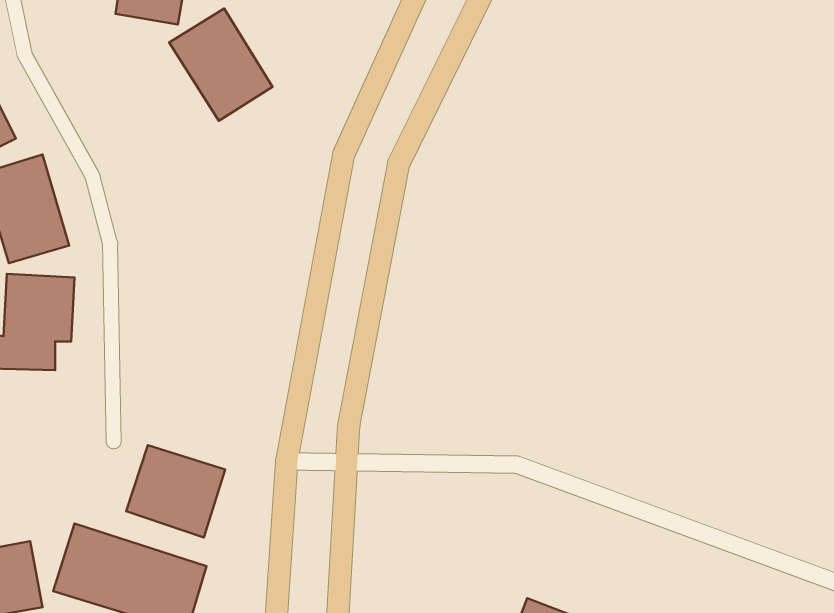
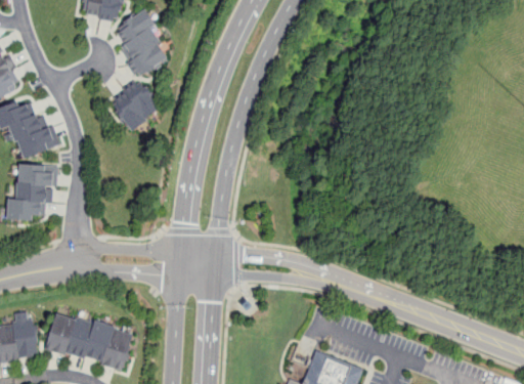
building: none -> [107,80,160,132]
building: [126,445,225,537] -> none

